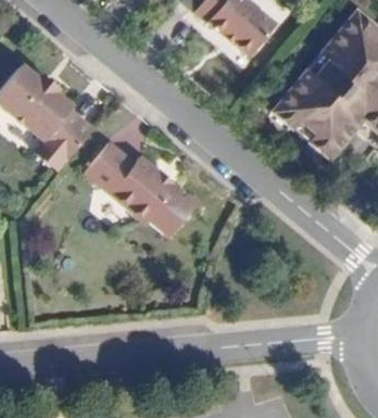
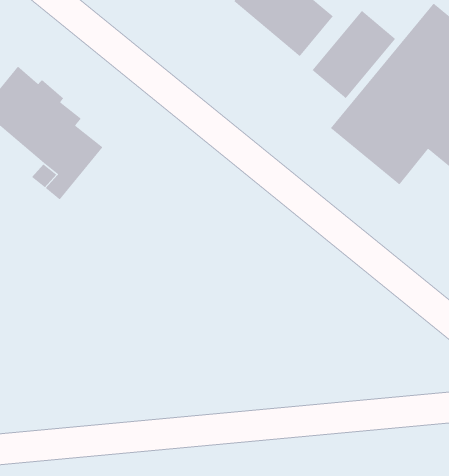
building: none -> [312,10,396,99]
building: [84,141,196,237] -> none

